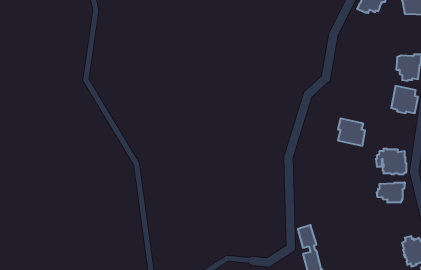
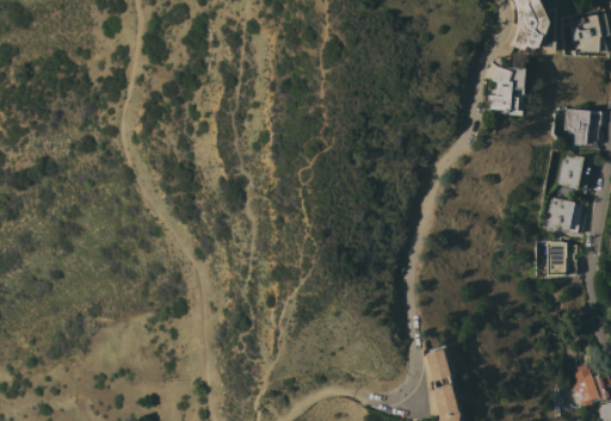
building: none -> [487,66,525,116]
building: [338,119,365,146] -> [547,197,585,235]
building: [377,182,405,203] -> none

